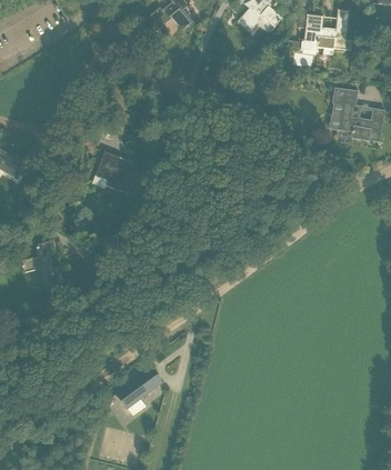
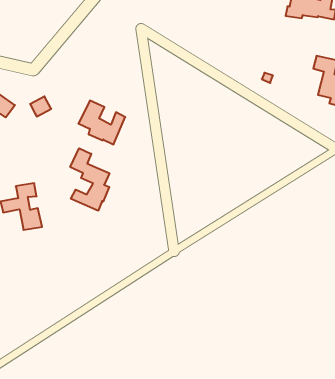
building: none -> [70,148,109,211]
building: [114,367,161,408] -> none

